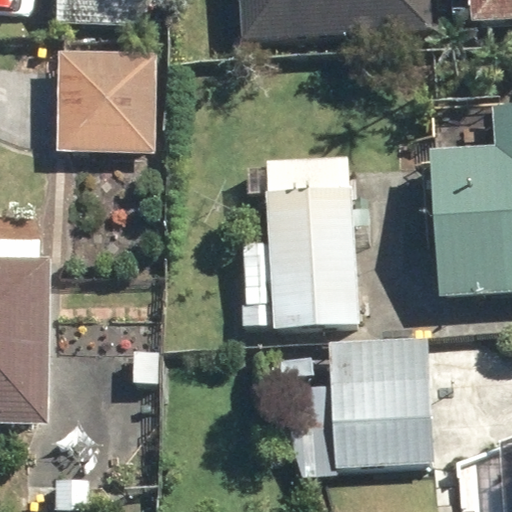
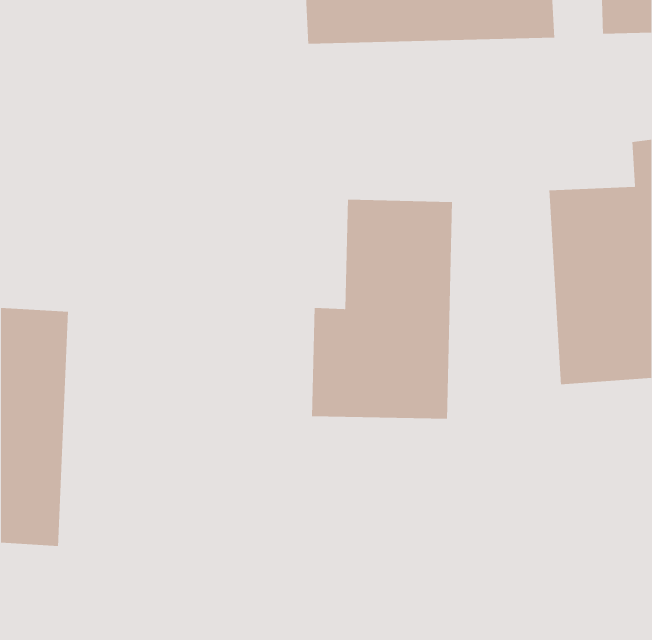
building: [54,50,160,152] -> none
building: [287,338,429,476] -> none

